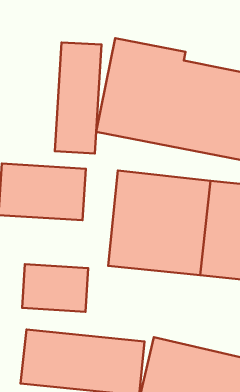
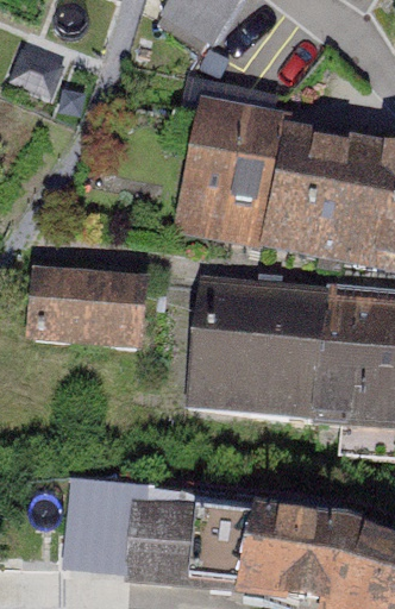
building: [55,43,102,153] -> none
building: [22,264,88,312] -> none

